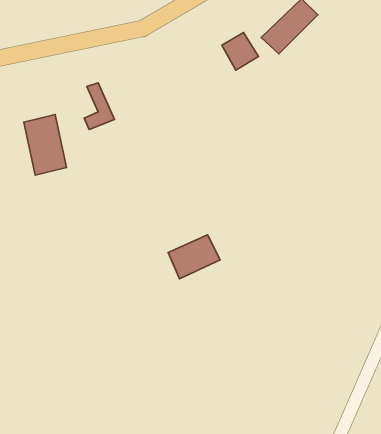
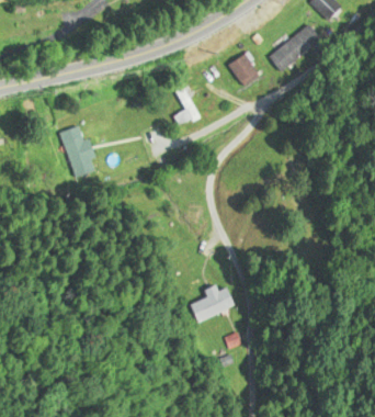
building: [84,83,114,130] -> [173,86,200,126]
building: [168,235,220,279] -> [188,283,232,322]

